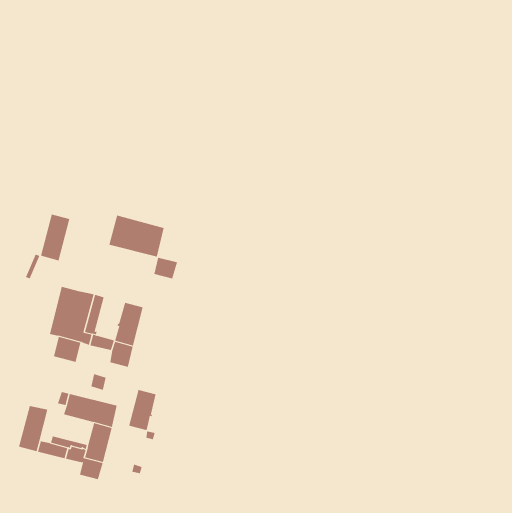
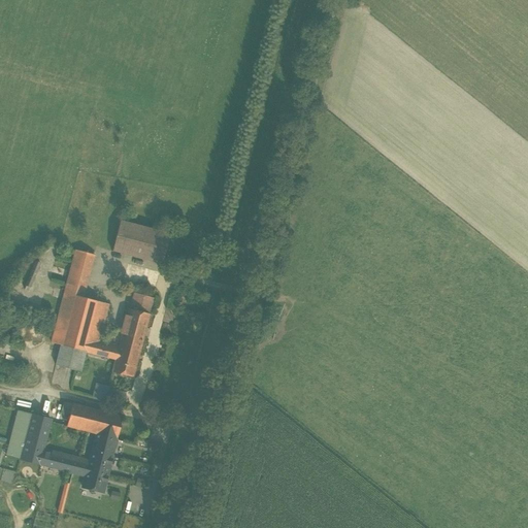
building: [40,214,70,261] -> [64,251,95,299]
building: [154,257,178,279] -> [129,293,154,316]
building: [128,389,156,431] -> none
building: none -> [5,412,31,459]

